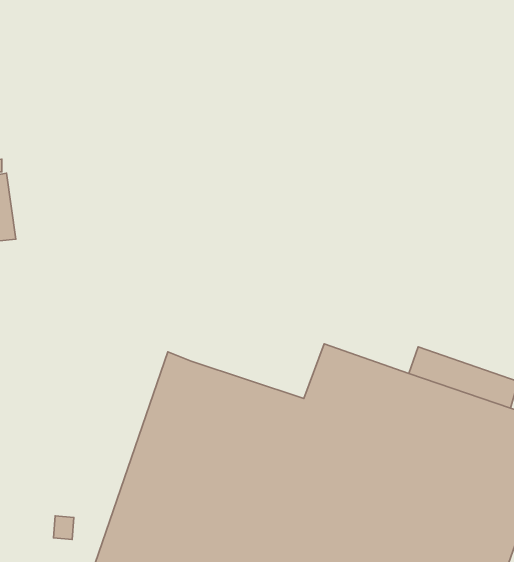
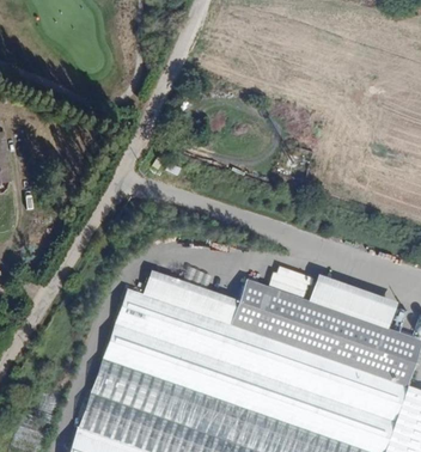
building: none -> [147,274,239,319]

